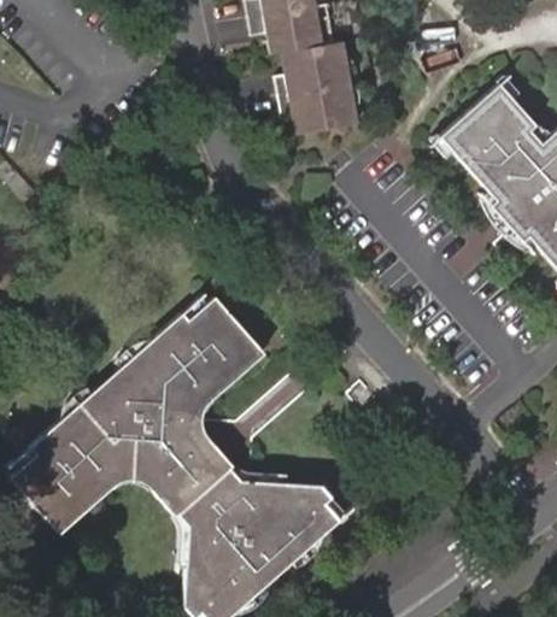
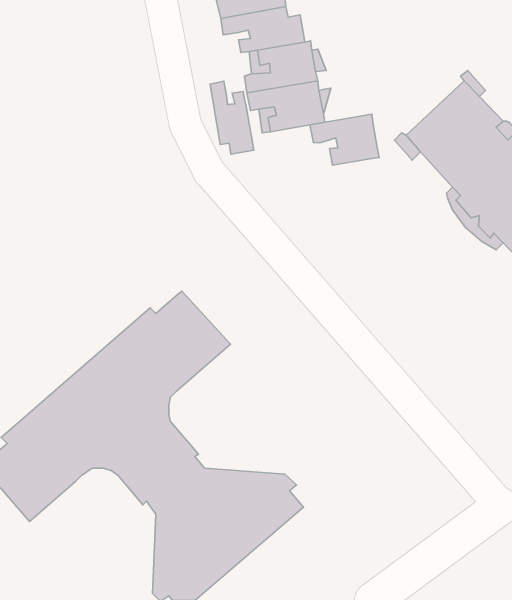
building: none -> [210,81,254,154]
building: none -> [310,114,379,165]

